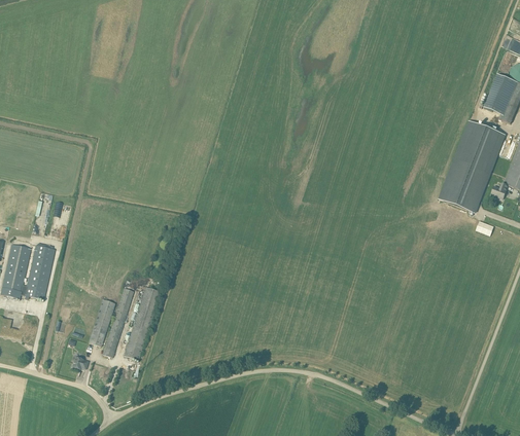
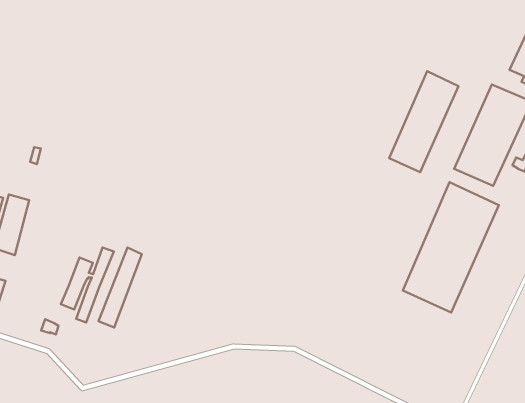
building: none -> [389,71,458,172]
building: none -> [403,182,499,313]

